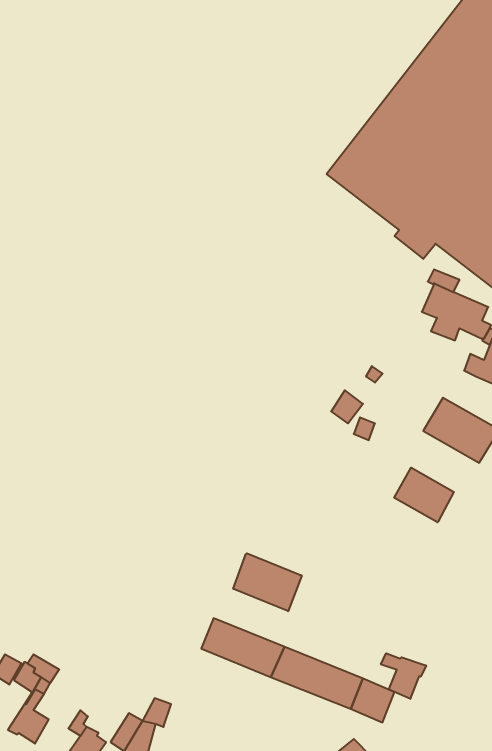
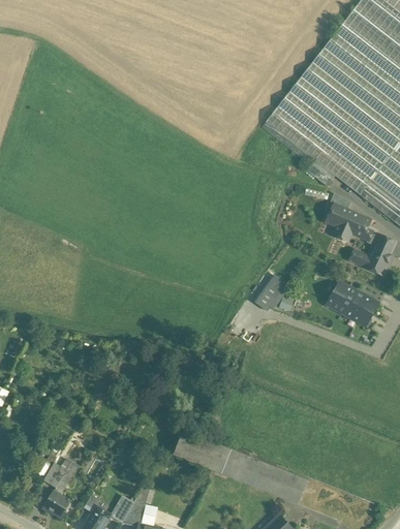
building: [394,468,454,522] -> none
building: [233,553,302,611] -> none
building: [381,653,426,699] -> none

